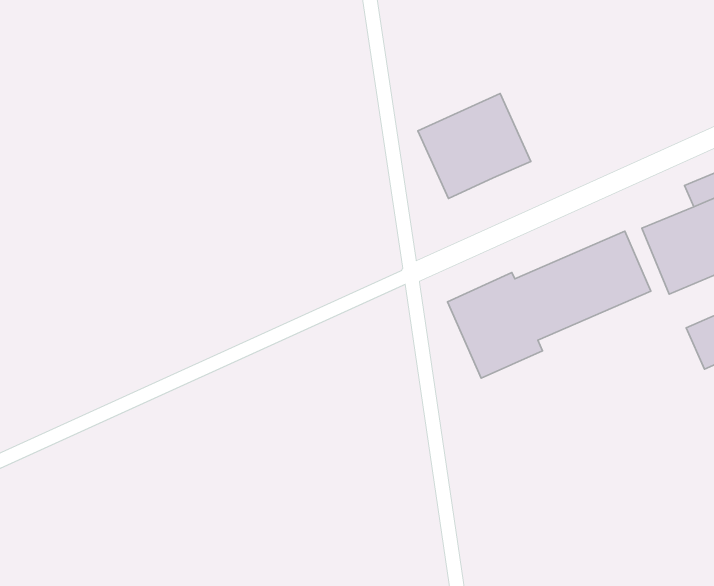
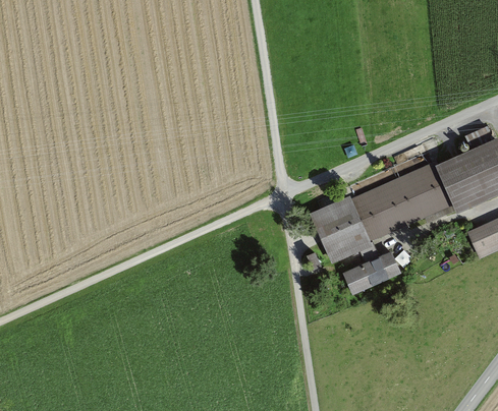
building: [418,94,531,199] -> none
building: none -> [342,250,403,295]

